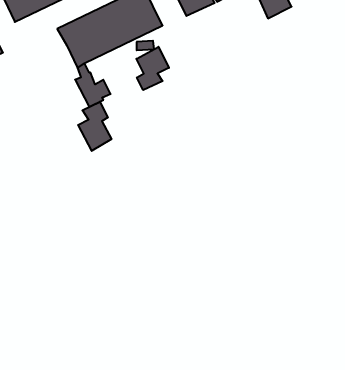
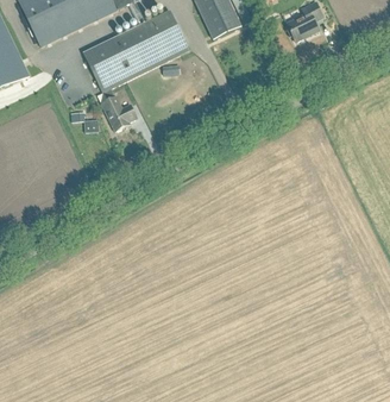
building: [136,47,169,90] -> none
building: [78,102,111,151] -> none

